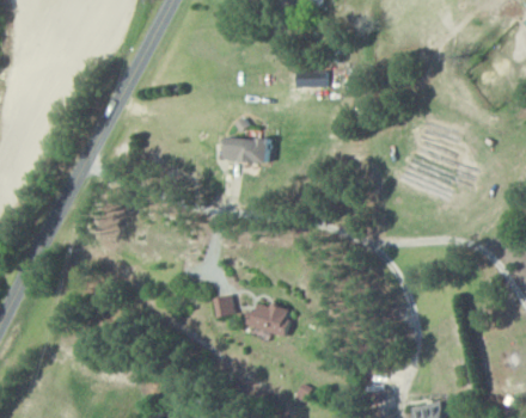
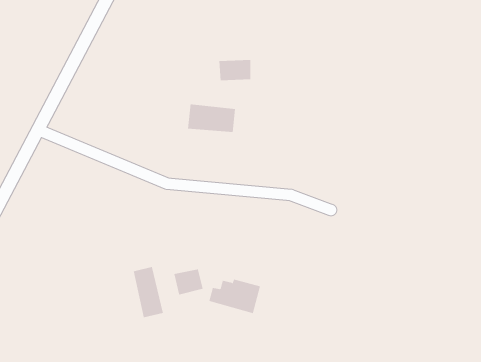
building: [293,67,324,87] -> [219,60,251,81]
building: none -> [133,266,163,318]

